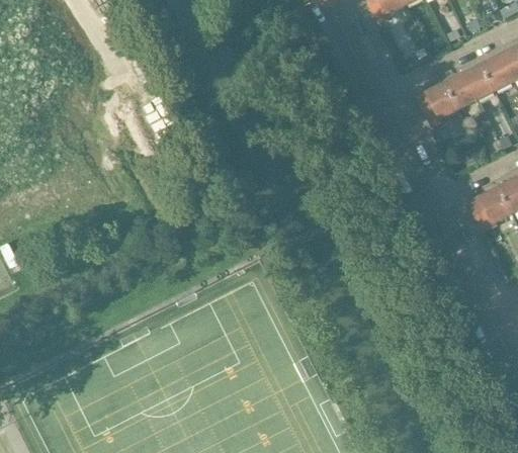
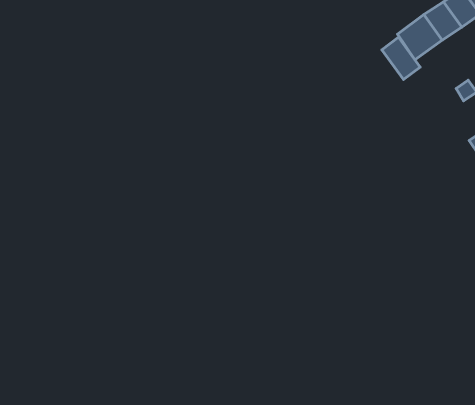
building: none -> [382,37,420,80]

